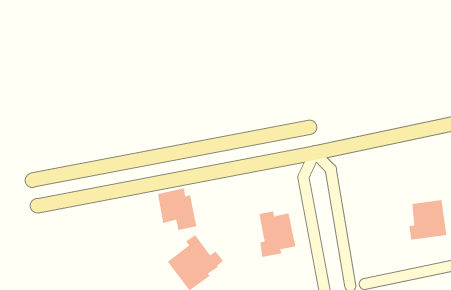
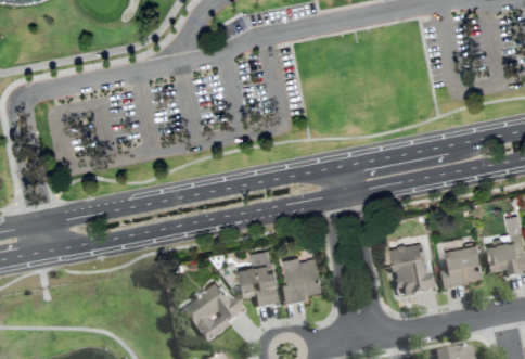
building: [157,188,197,230] -> [236,260,279,306]
building: none -> [388,240,435,294]

